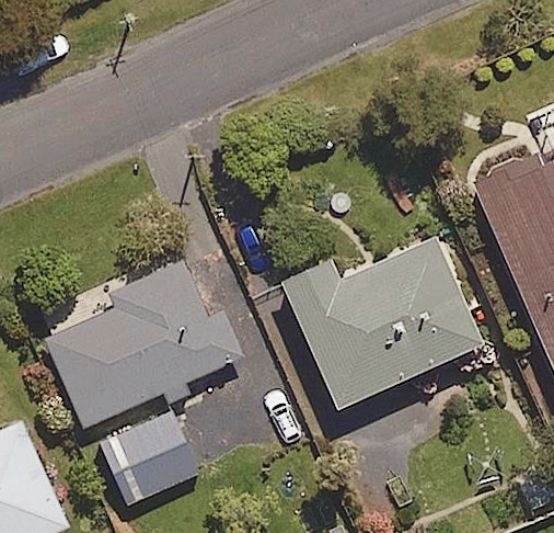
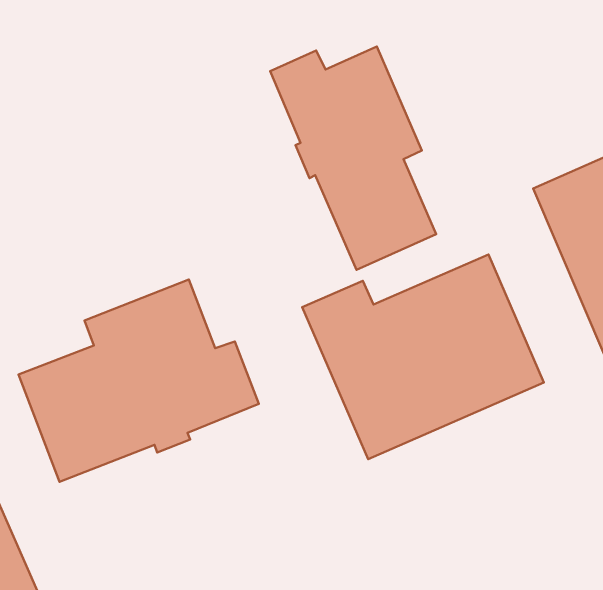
building: none -> [270,47,436,270]
building: [100,409,203,506] -> none

